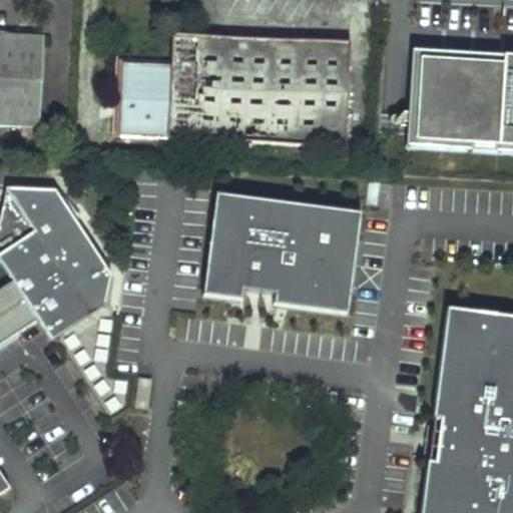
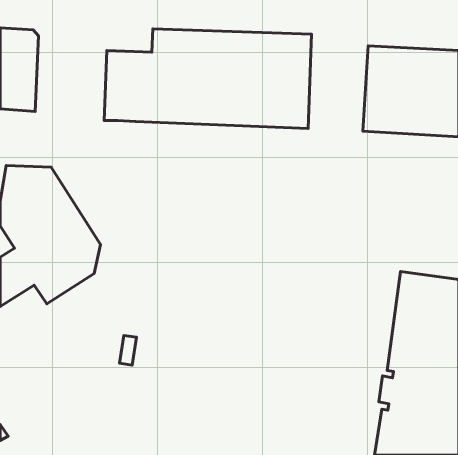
building: [205,192,360,313] -> none

